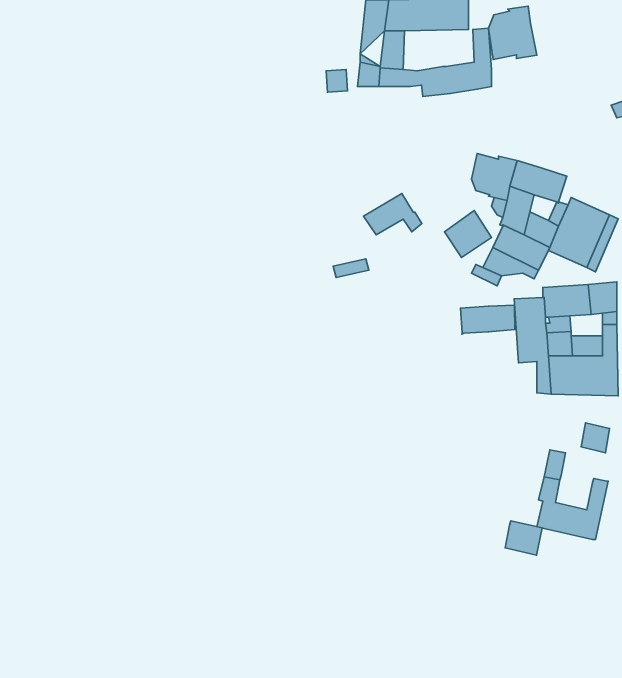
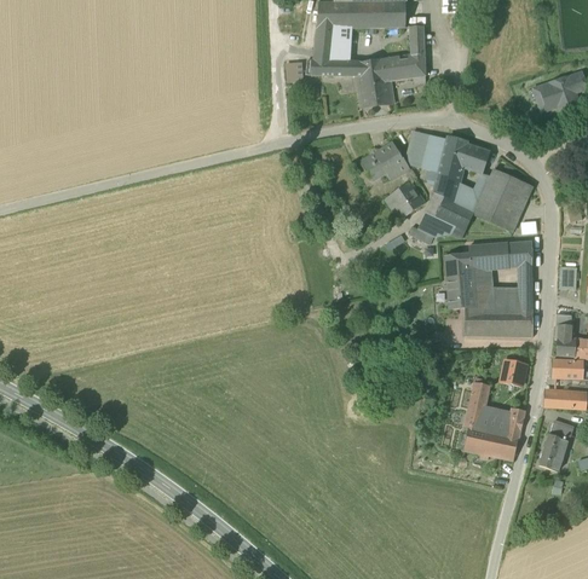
building: [489,6,537,60] -> none
building: none -> [356,74,393,106]
building: [363,193,422,235] -> [359,143,409,178]
building: [461,305,515,334] -> none
building: [505,521,542,555] -> [479,405,511,434]

